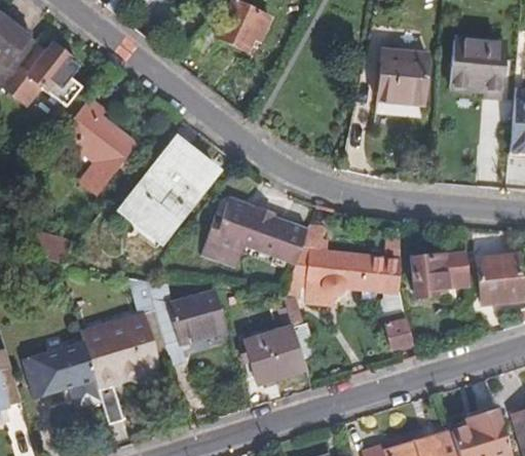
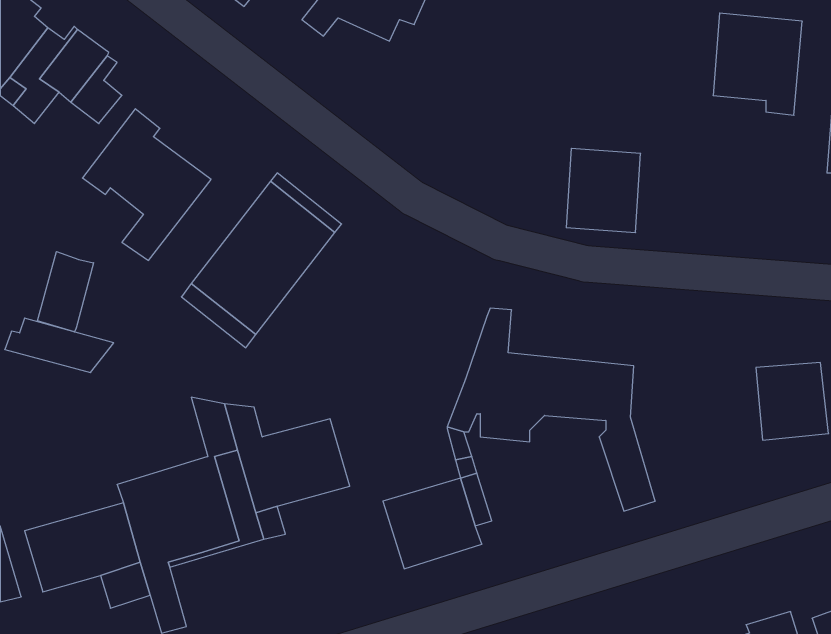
building: [380,50,426,103] -> [566,148,641,233]
building: none -> [37,252,94,332]
building: [200,197,309,267] -> none
building: [411,253,468,297] -> none

